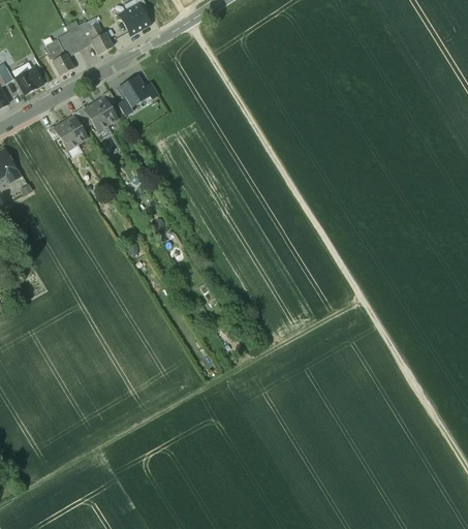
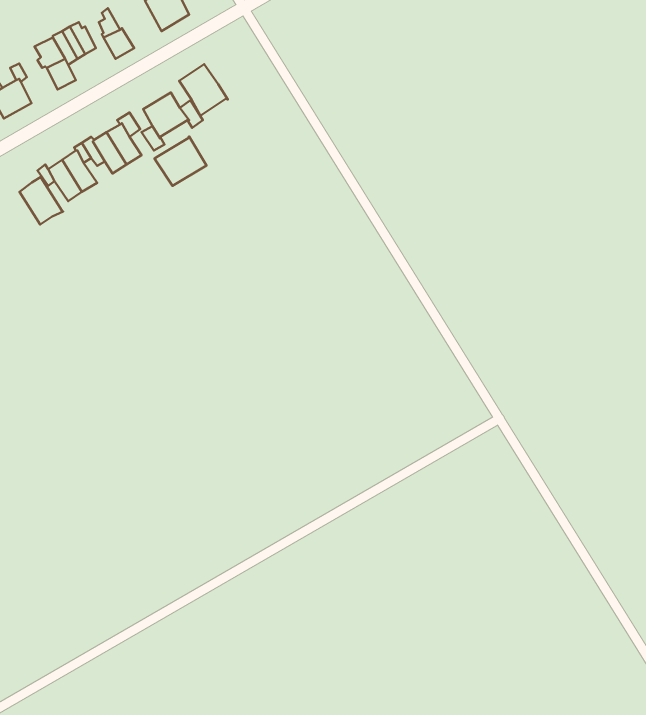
building: none -> [179,64,228,117]
building: none -> [154,137,206,186]
building: none -> [20,176,63,224]

